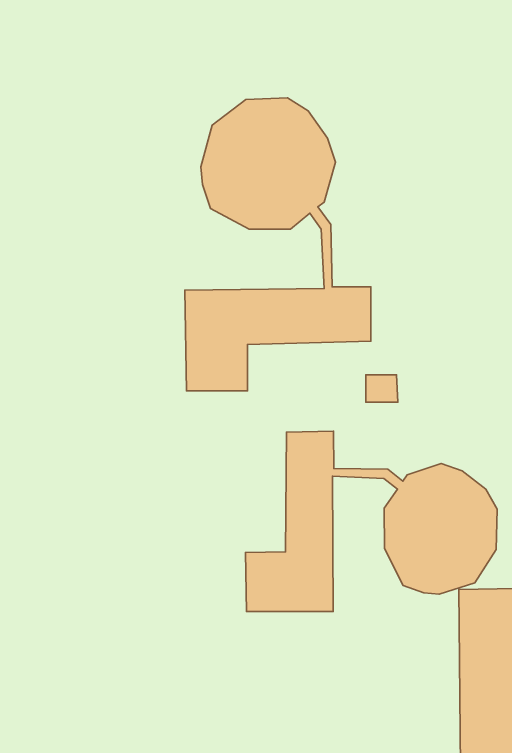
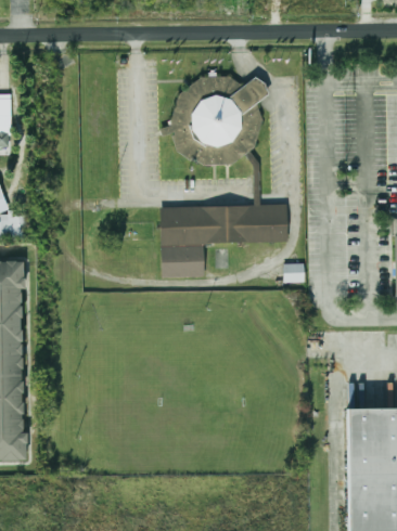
building: [246,431,497,612] -> none

